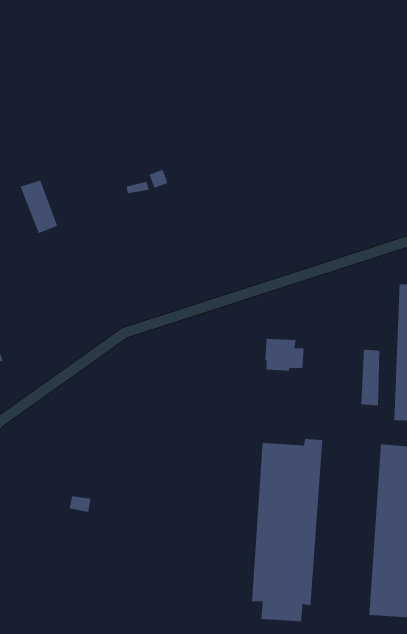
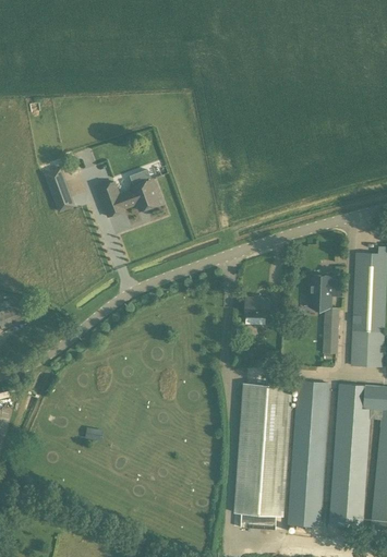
building: none -> [97,179,158,216]
building: none -> [310,276,340,303]
building: none -> [287,380,330,526]

